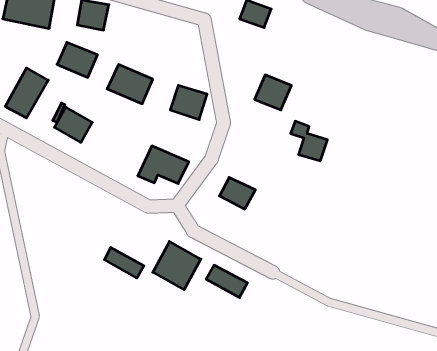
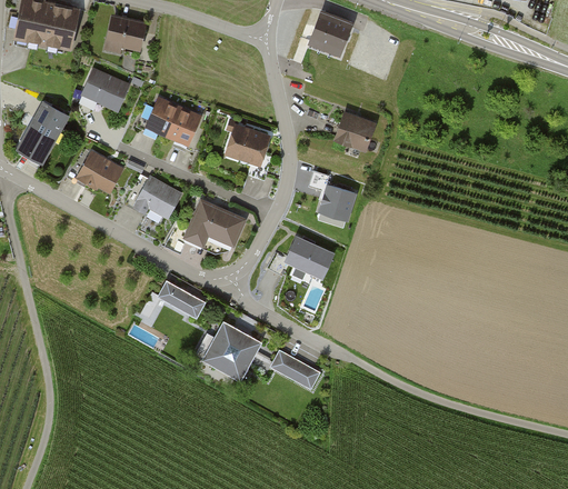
building: [291,121,327,161] -> [309,170,356,220]
building: none -> [134,176,183,221]
building: [104,247,144,278] -> [157,279,207,318]

